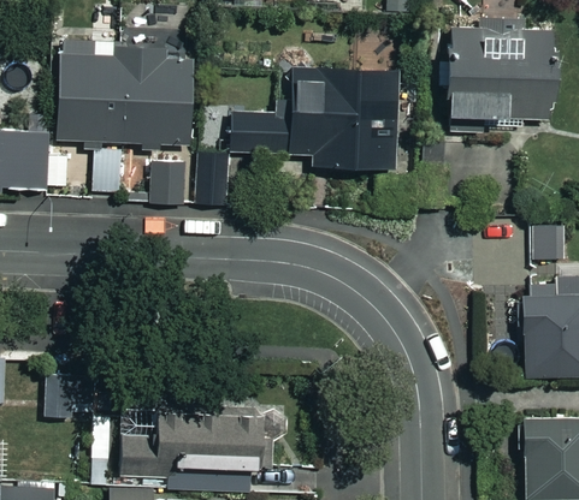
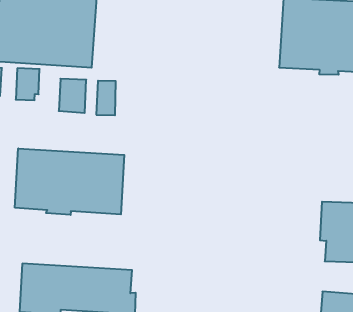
building: [226,71,401,168] -> none
building: none -> [15,148,124,215]

